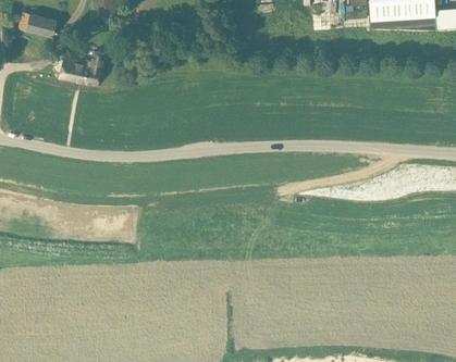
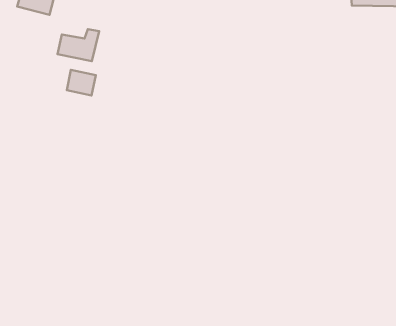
building: none -> [67,70,96,95]

